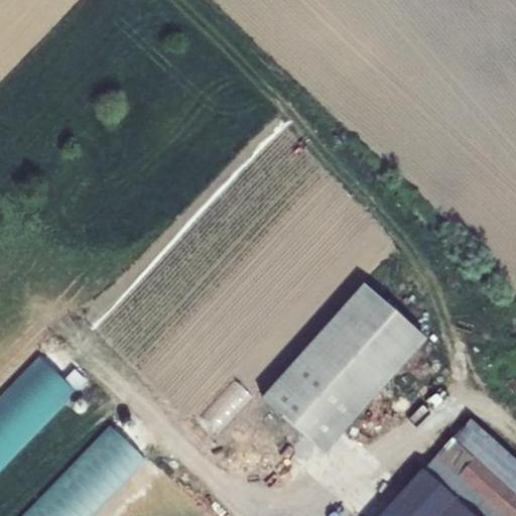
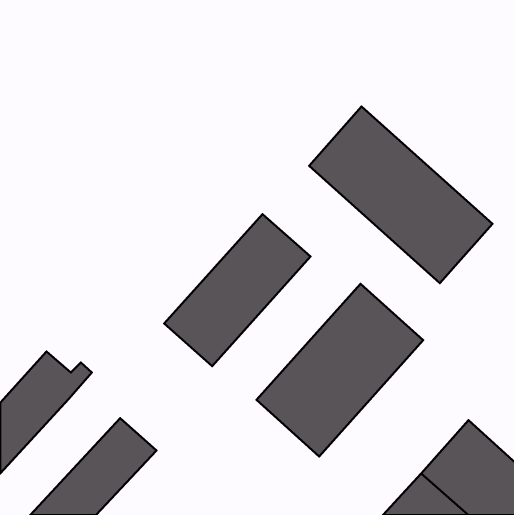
building: none -> [309,107,492,283]
building: none -> [164,214,310,366]

